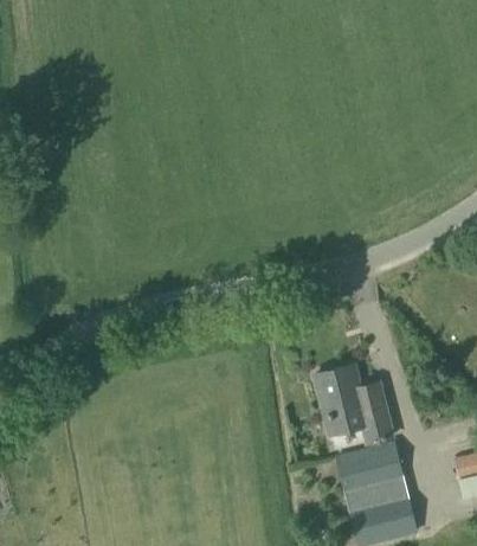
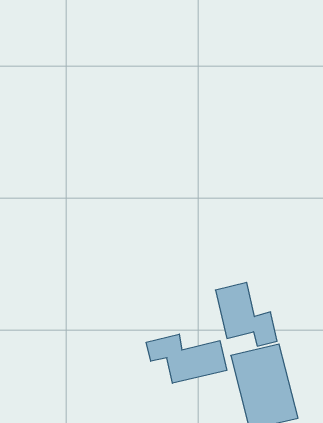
building: none -> [146,334,227,383]

